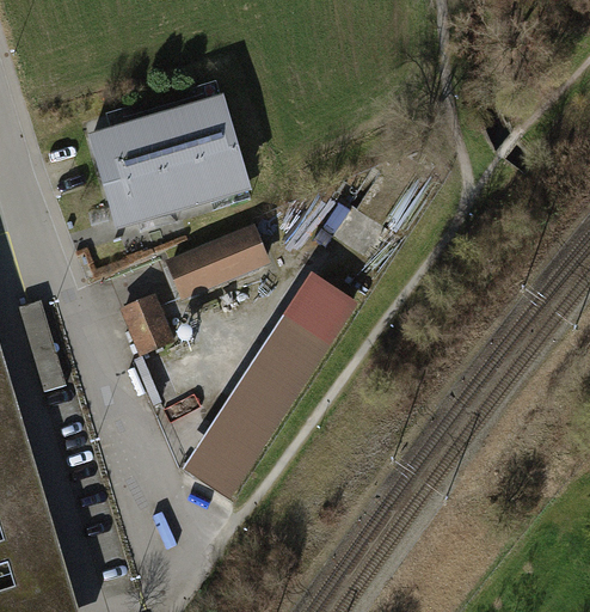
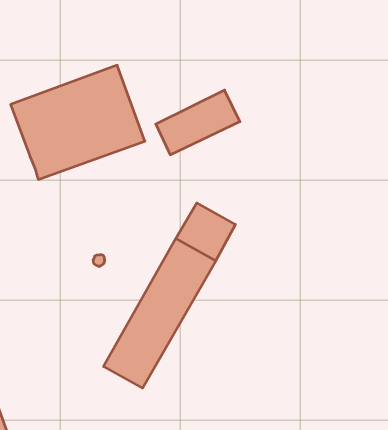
building: [165,222,270,299] -> [156,90,240,155]
building: [119,293,174,355] -> none

